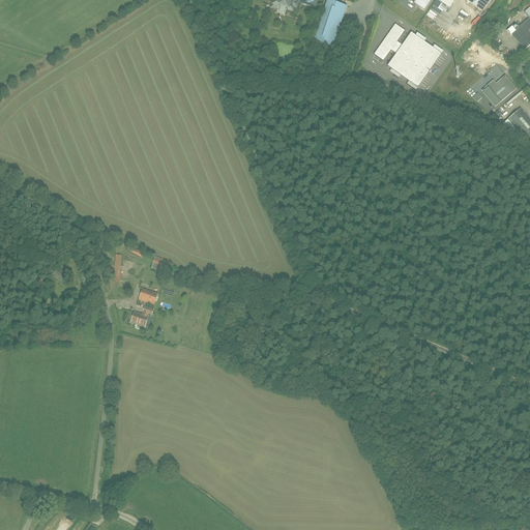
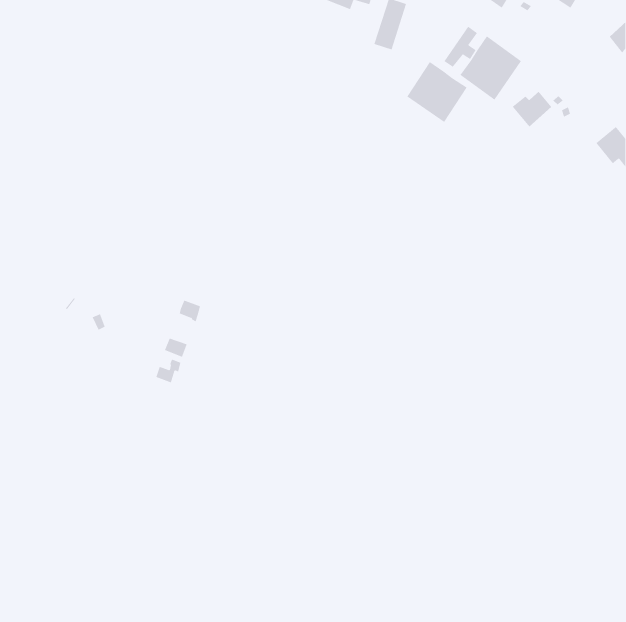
building: none -> [407,61,467,123]
building: [482,73,517,105] -> [512,91,552,128]

